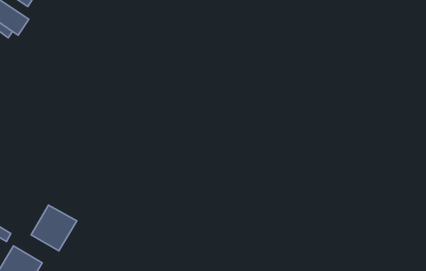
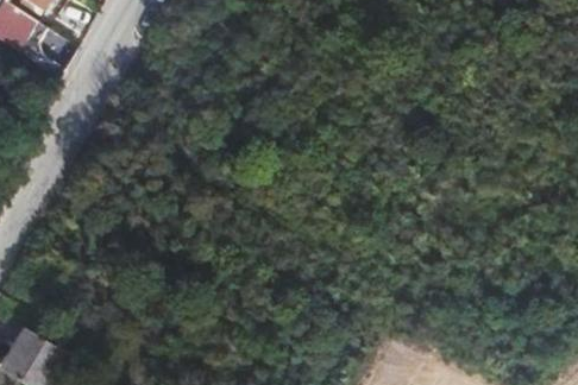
building: [31,205,77,251] -> none

